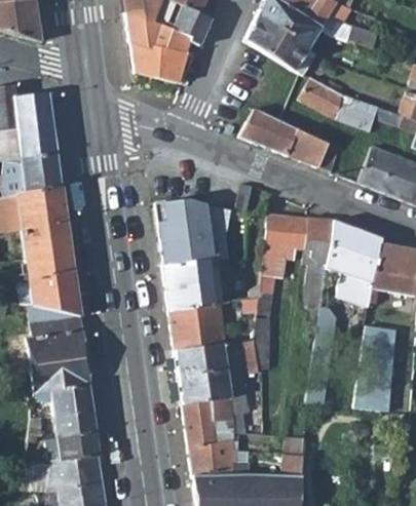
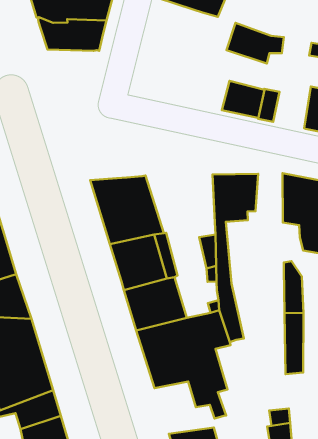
building: [335,98,380,134] -> none
building: [240,108,299,155] -> none
building: [303,219,334,310] -> none
building: [184,398,236,444] -> none

